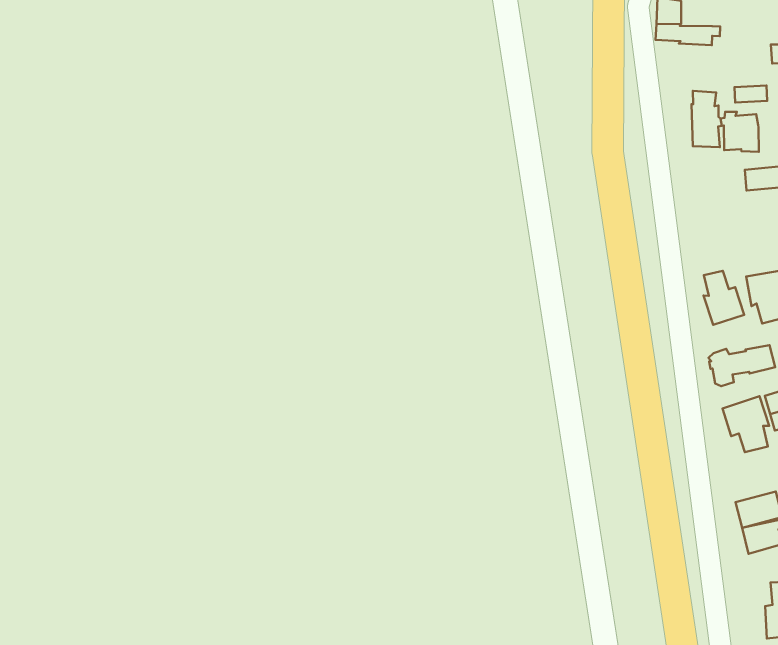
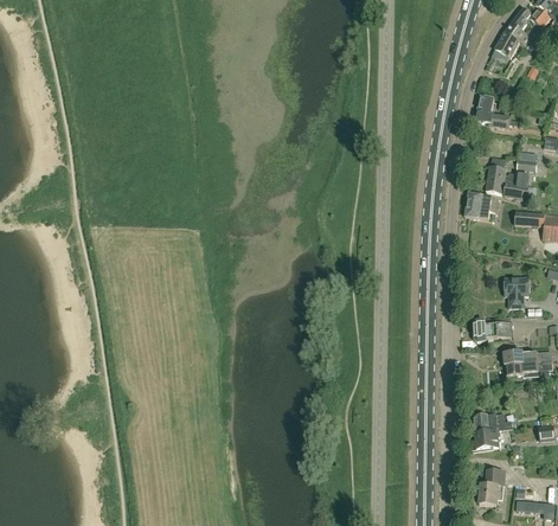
building: none -> [464,192,498,220]
building: [703,271,744,325] -> none
building: [722,396,769,452] -> none

